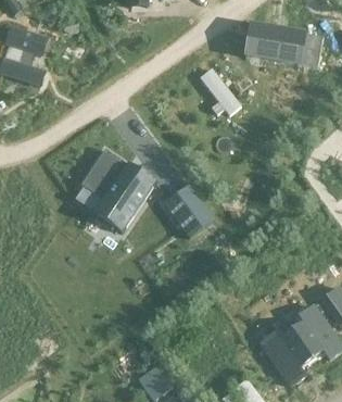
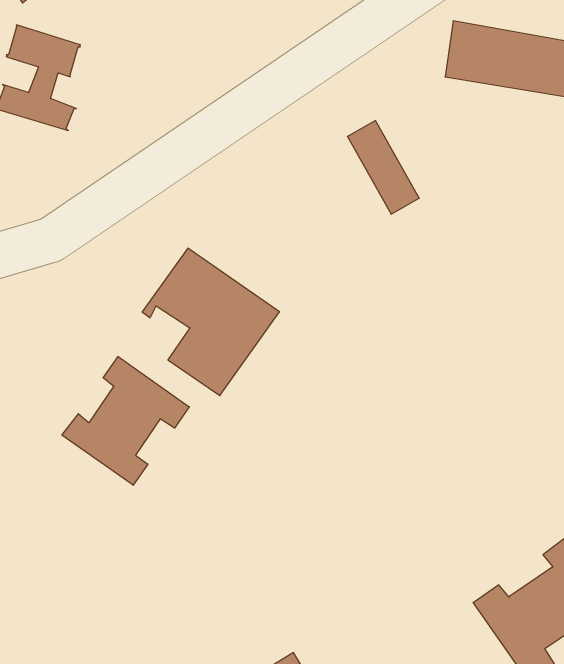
building: [165,184,215,236] -> none
building: none -> [62,356,189,485]

